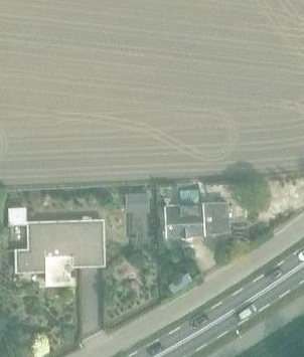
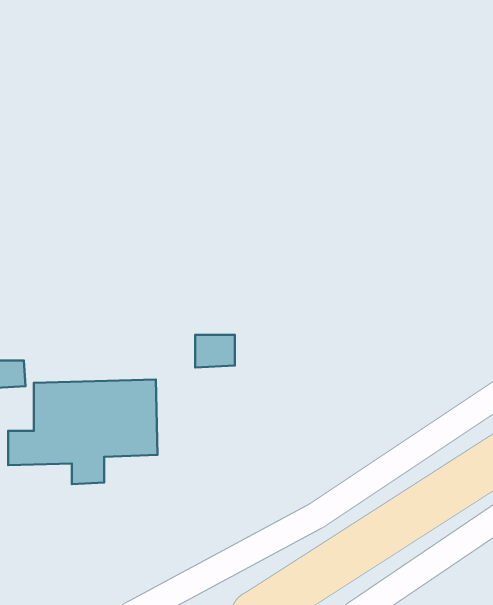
building: [164,198,216,237] -> none

